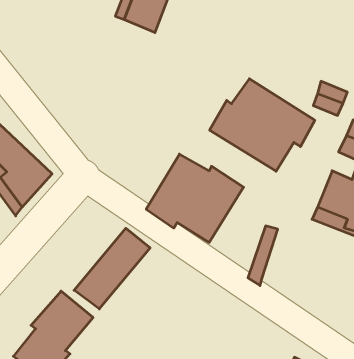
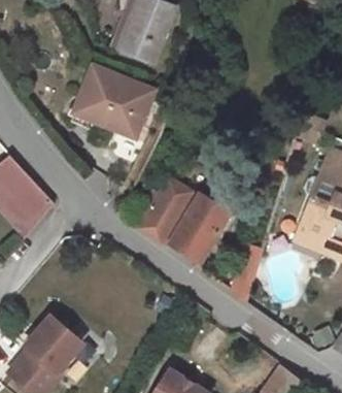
building: none -> [75,65,152,133]
building: [210,79,315,171] -> none
building: [74,228,150,309] -> none

